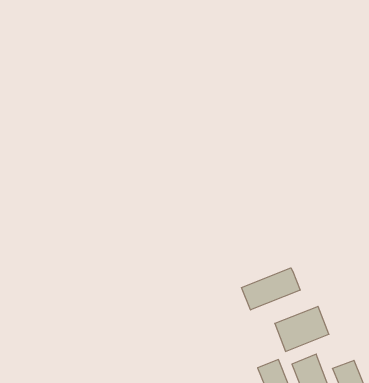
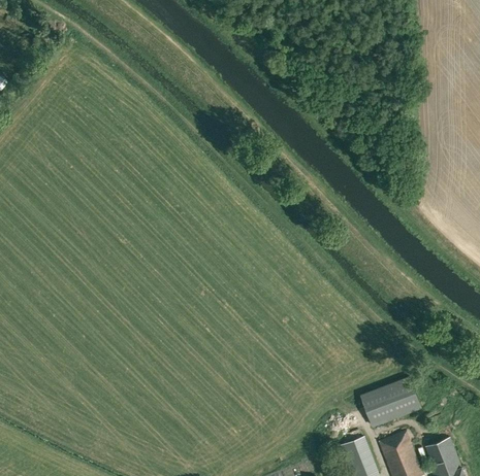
building: [241,268,300,310] -> none

